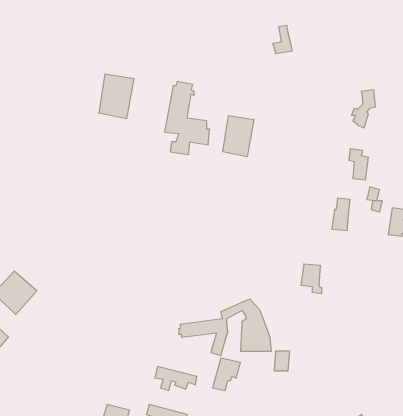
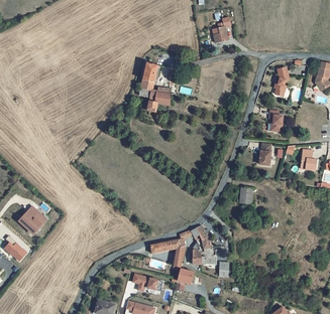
building: [99,74,134,119] -> none
building: [223,116,254,157] -> none

